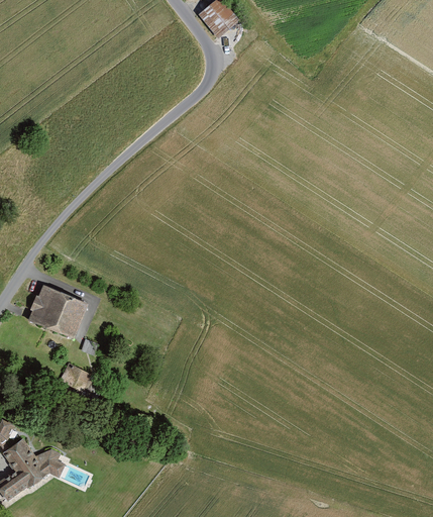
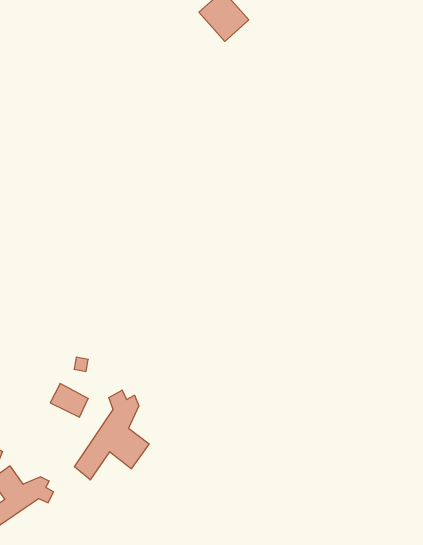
building: [30,288,88,338] -> none
building: none -> [74,390,149,480]

